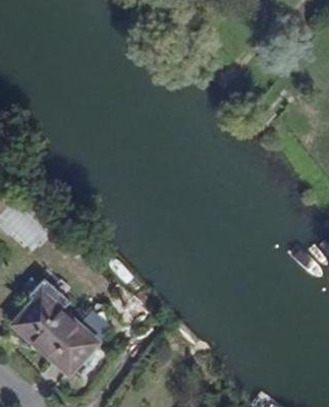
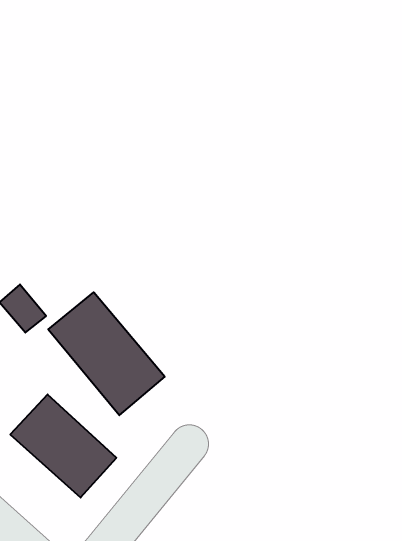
building: none -> [48,292,165,415]

